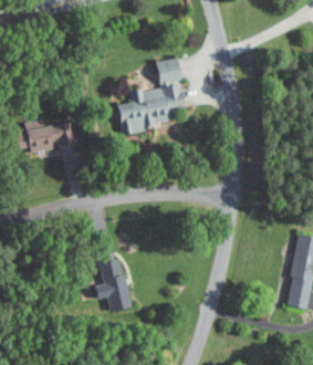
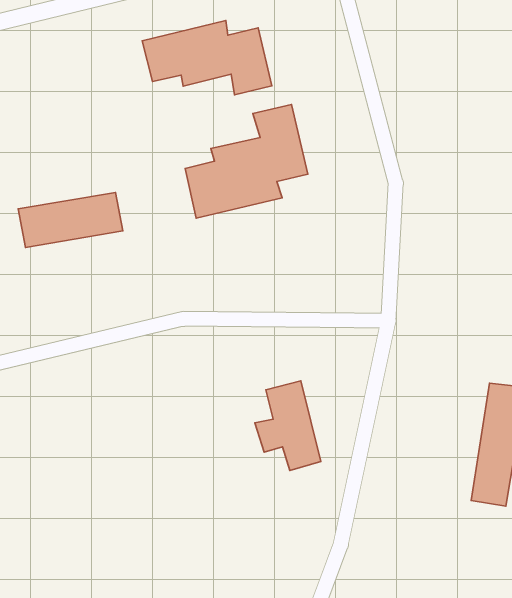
building: none -> [142,21,272,95]
building: [94,257,134,311] -> [255,381,321,471]

